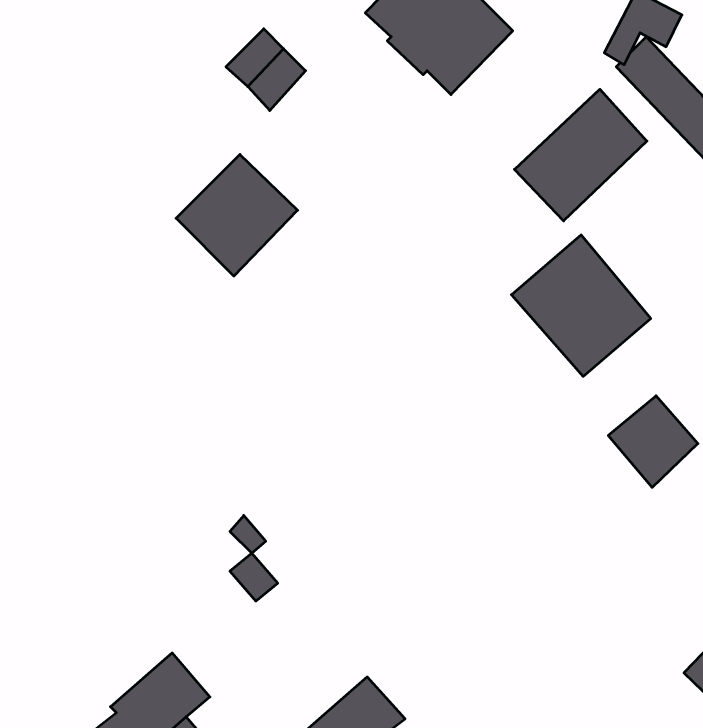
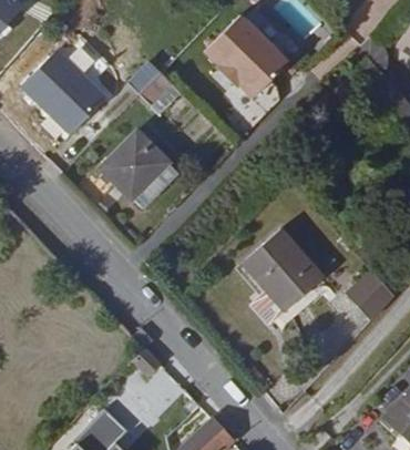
building: none -> [25,52,104,132]
building: [514,89,647,221] -> none
building: [511,235,651,376] -> [243,231,320,309]

